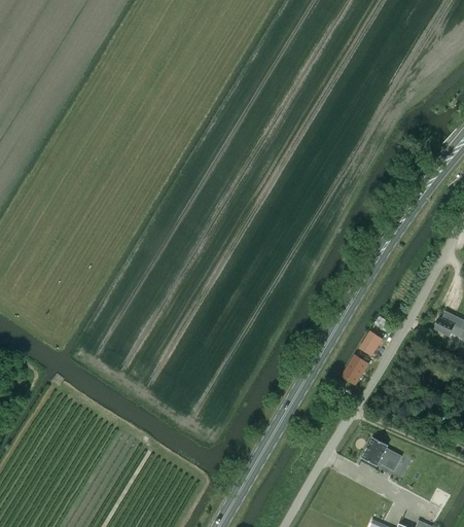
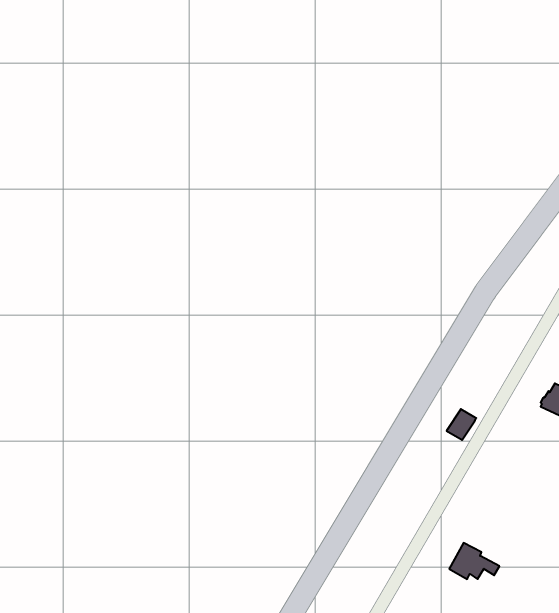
building: [341,355,367,384] -> none

